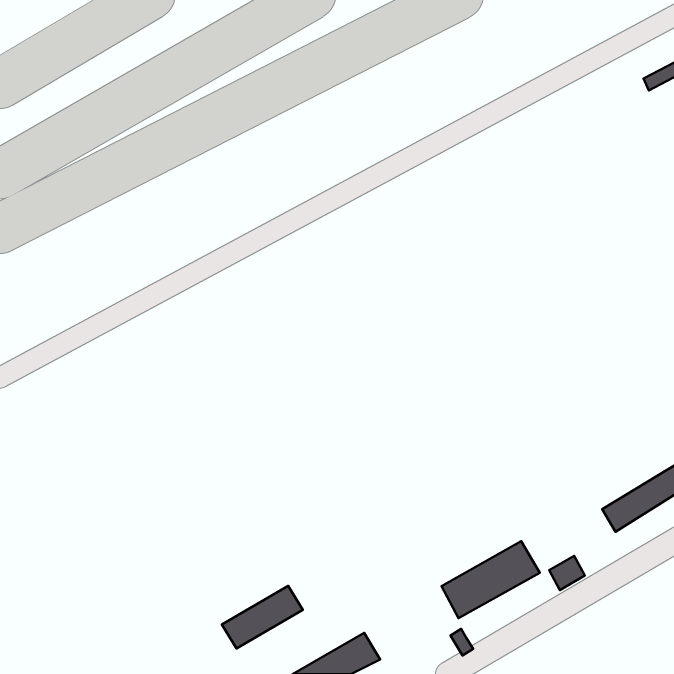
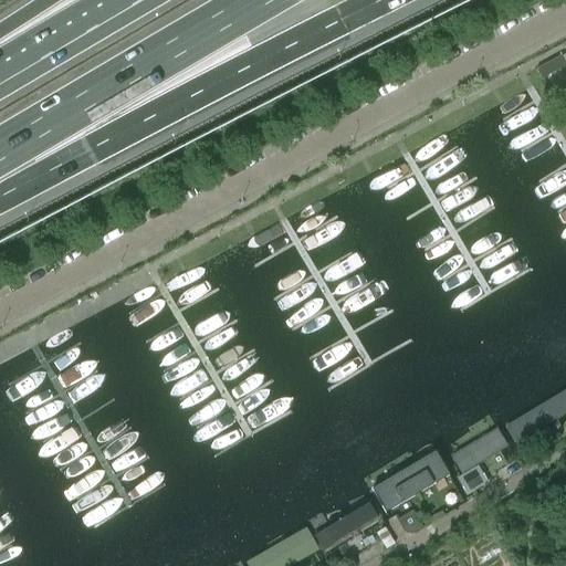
building: none -> [447,428,509,474]
building: [222,586,303,648] -> [313,496,380,548]

